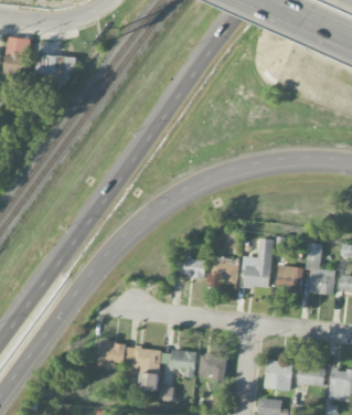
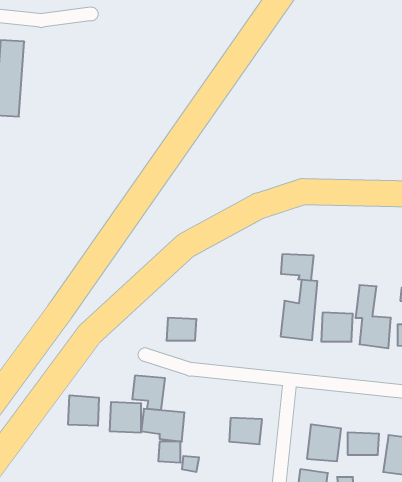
building: [35,55,73,84] -> none
building: [180,258,205,277] -> [166,318,197,340]
building: [211,263,238,285] -> [281,254,314,281]
building: none -> [68,395,99,426]
building: [169,350,196,379] -> [132,376,165,410]

